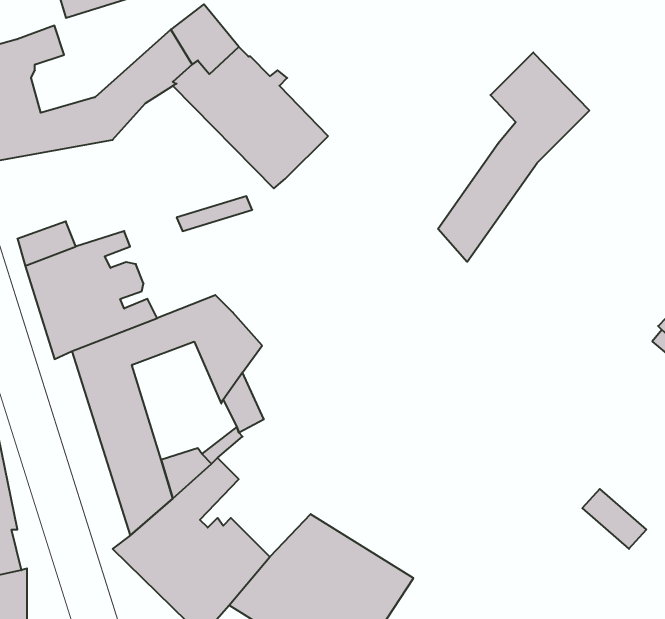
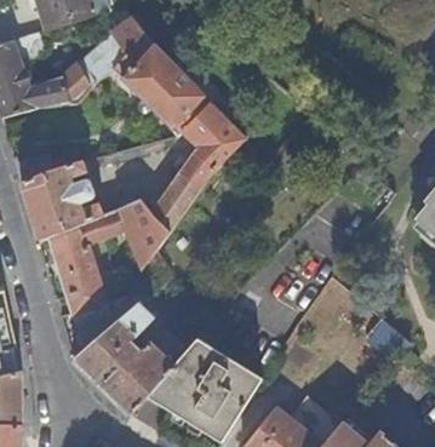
building: [438,52,589,262] -> [149,102,244,233]

